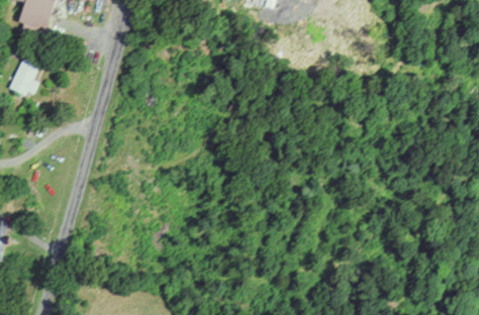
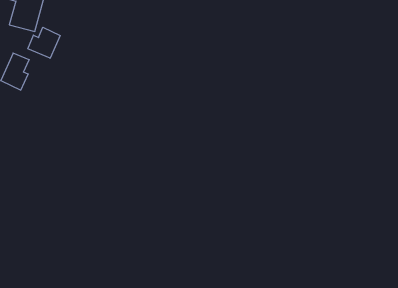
building: none -> [28,27,60,58]

